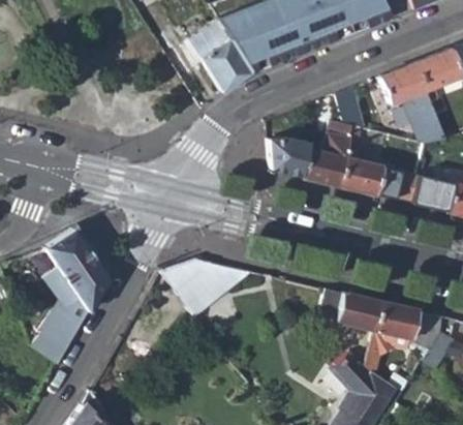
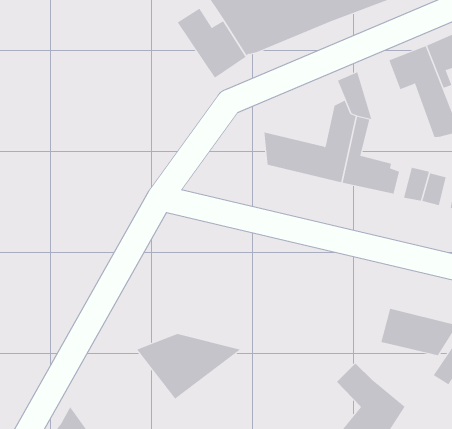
building: [39,229,110,363] -> none
building: [162,255,257,315] -> [136,334,241,400]
building: [322,286,382,365] -> none

